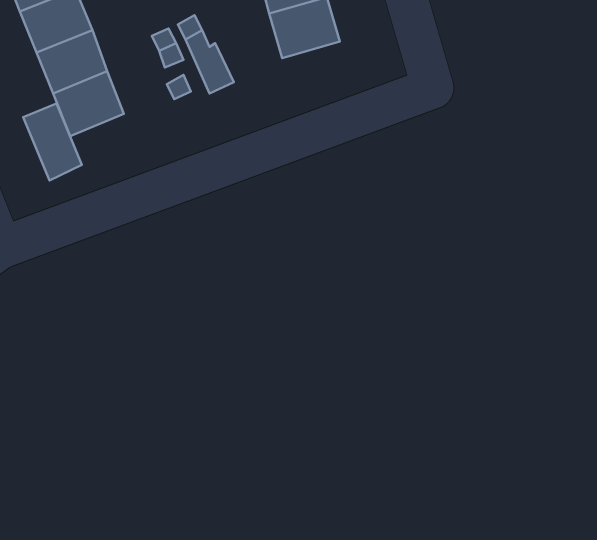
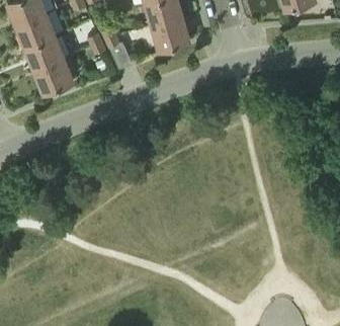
building: [23,103,82,180] -> none

